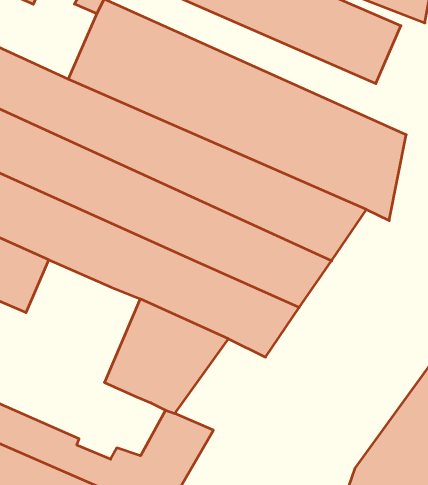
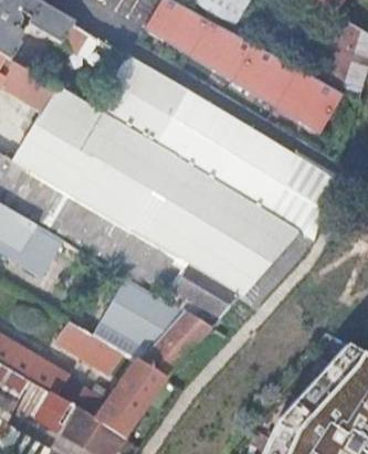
building: none -> [144,312,214,377]
building: none -> [56,319,127,371]

